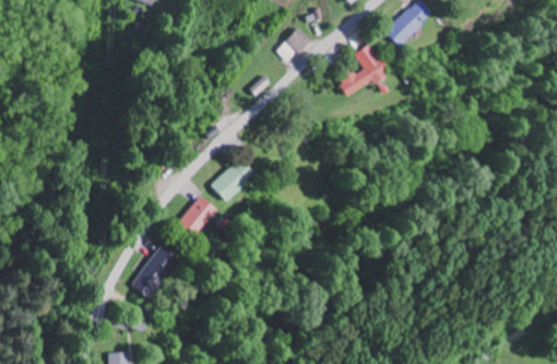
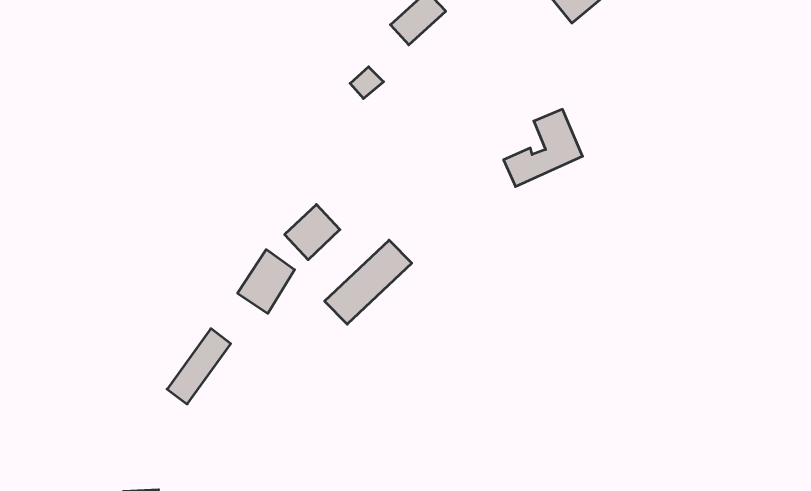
building: [337,45,389,95] -> [504,109,583,187]
building: none -> [325,240,412,324]

